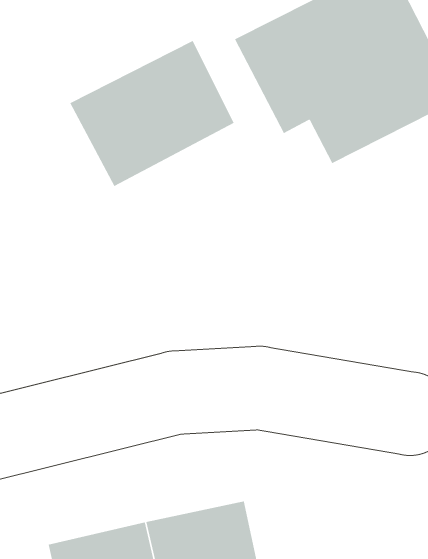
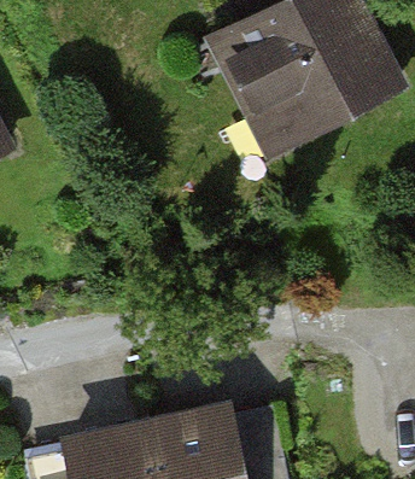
building: [70,40,234,187] -> none

